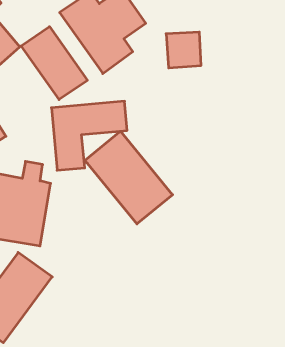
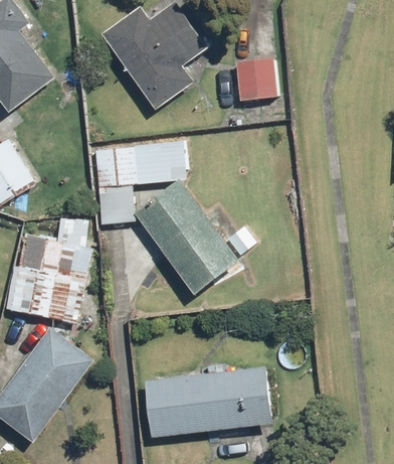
building: [21,27,87,100] -> none
building: none -> [145,366,273,437]

